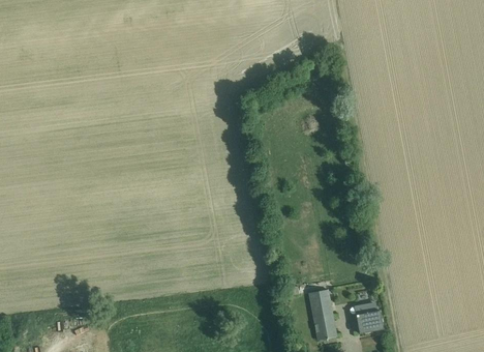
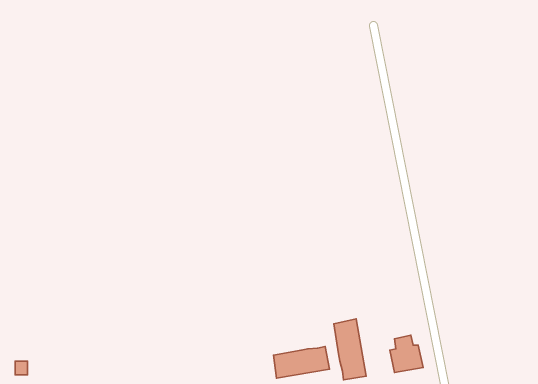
building: none -> [274,346,329,378]

